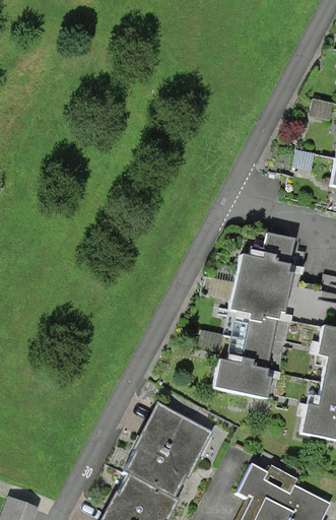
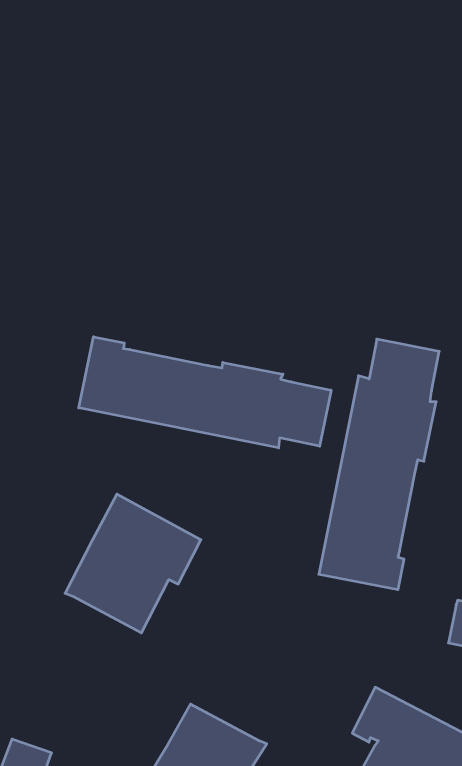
building: none -> [79,337,331,448]
building: [125,405,215,498] -> [65,494,201,633]

